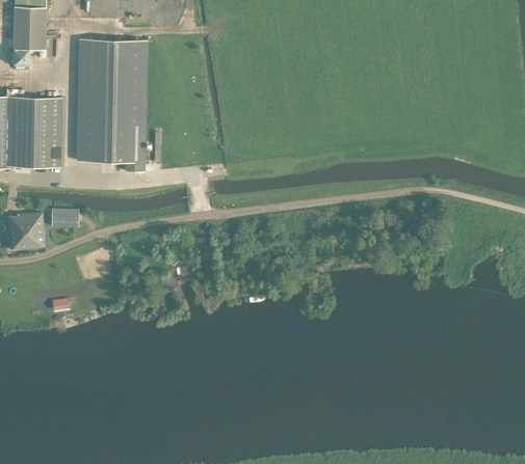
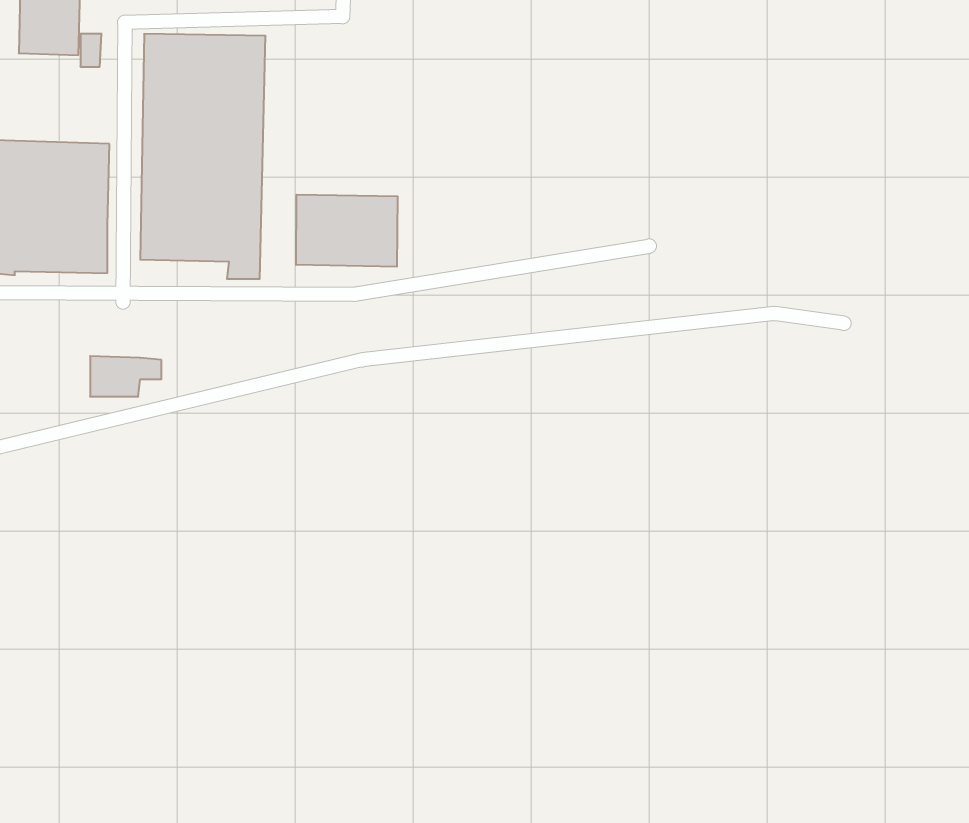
building: none -> [296,195,398,267]
building: [6,213,44,249] -> none

